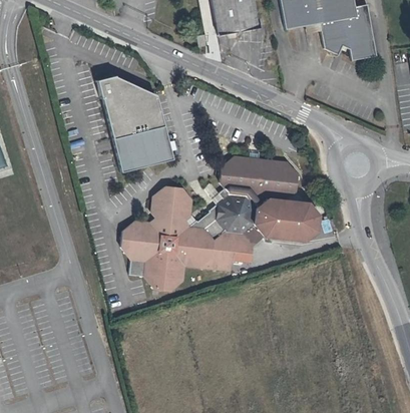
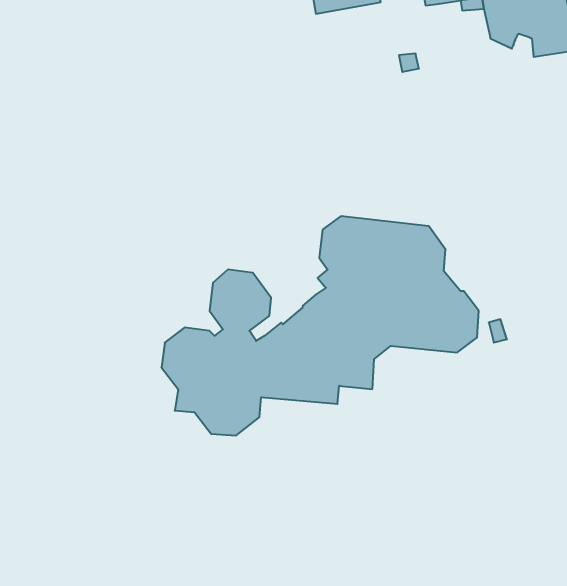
building: [98,76,173,171] -> none

